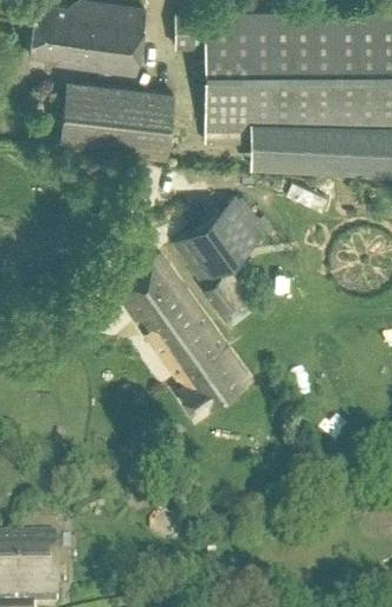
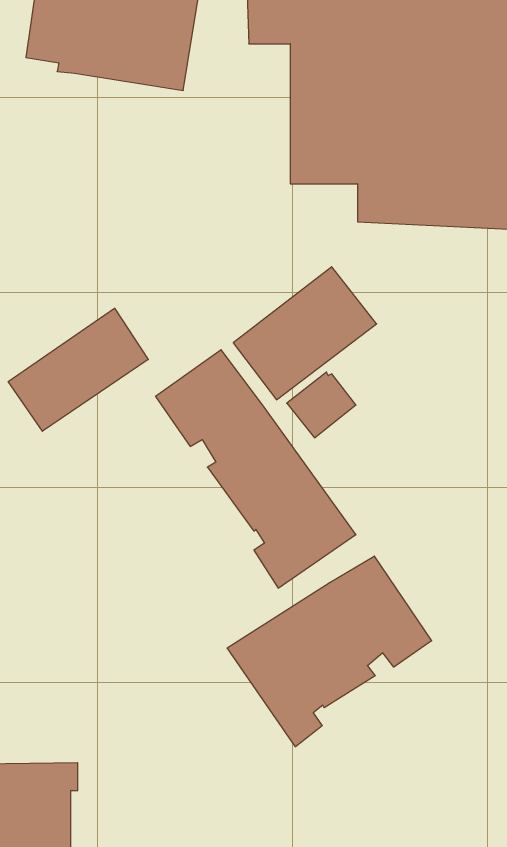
building: [59,82,175,160] -> none
building: none -> [8,308,148,431]
building: none -> [227,556,432,747]

